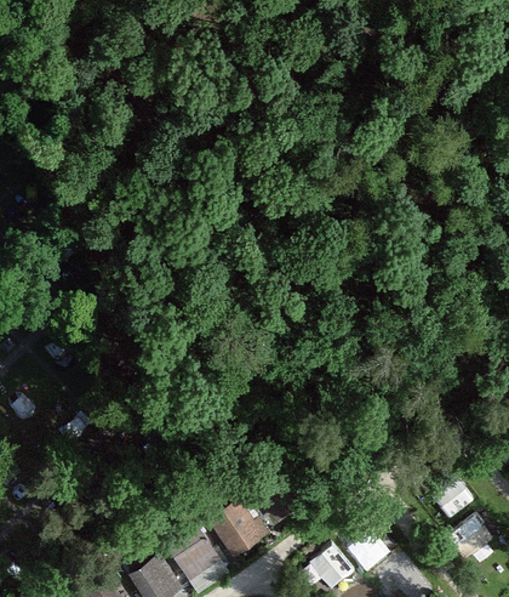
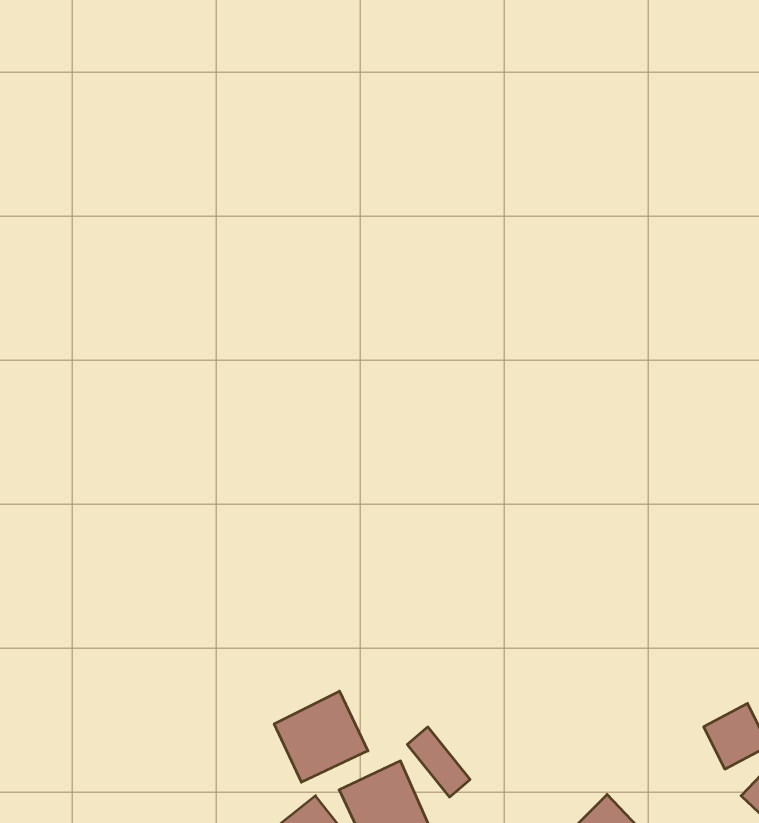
building: none -> [274,691,368,782]

